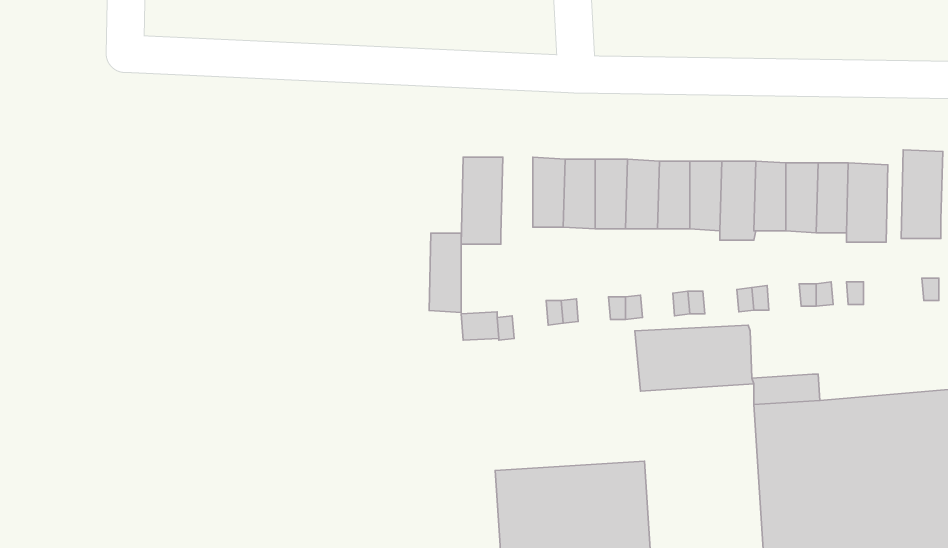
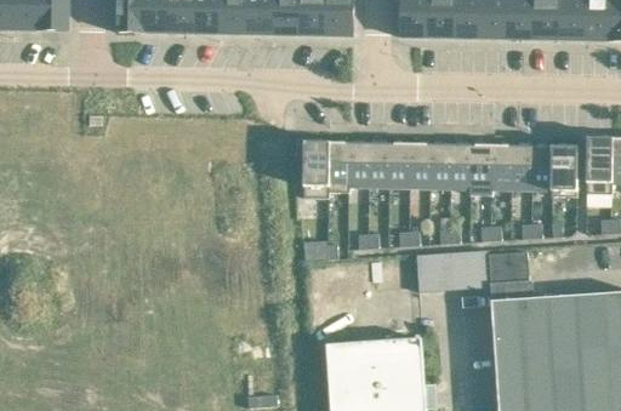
building: [429,233,461,312] -> [330,142,351,193]
building: none -> [490,251,530,284]

